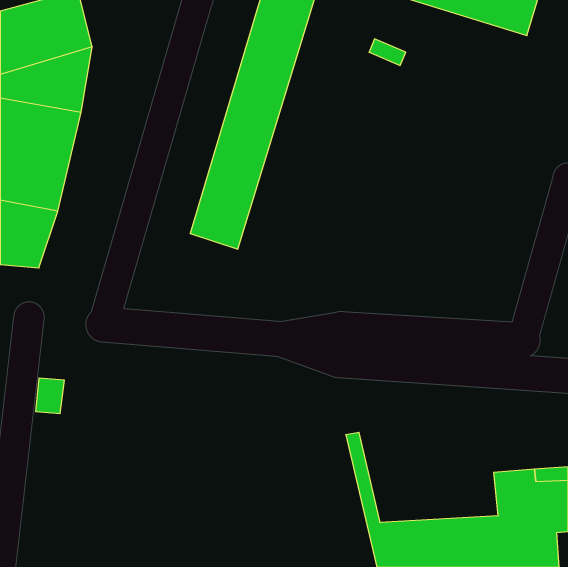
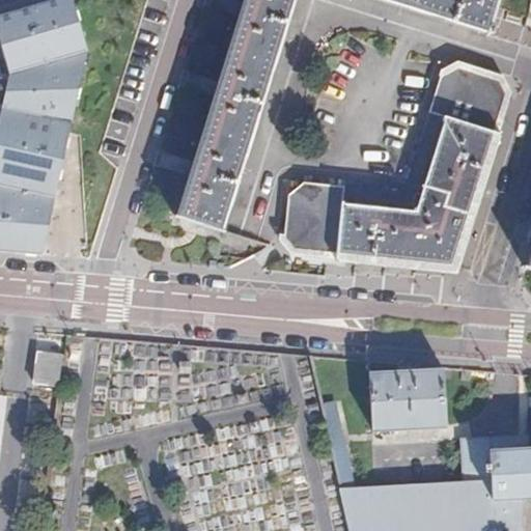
building: none -> [282,64,505,264]
building: none -> [370,366,448,431]

